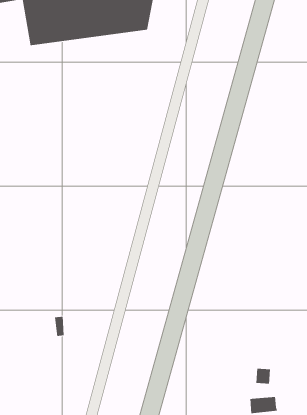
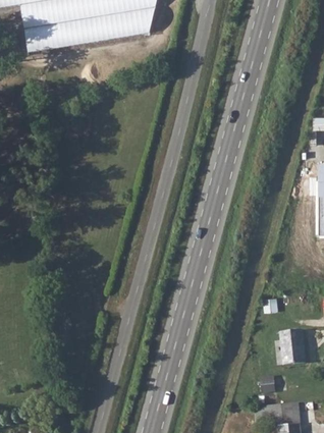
building: none -> [277,327,303,363]

